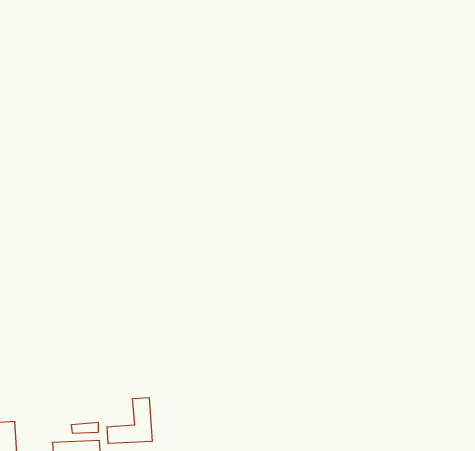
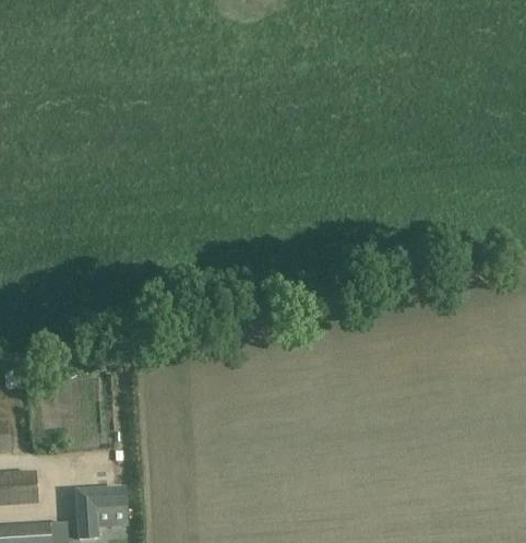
building: [107,398,152,444] -> none

